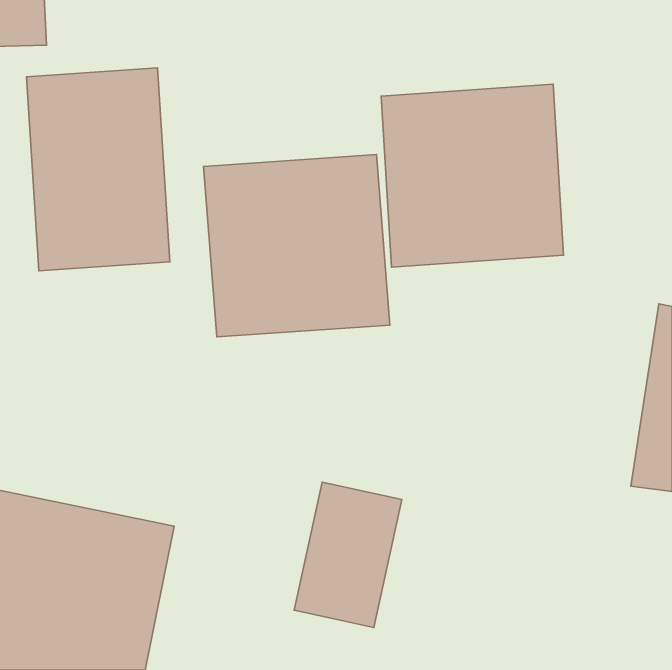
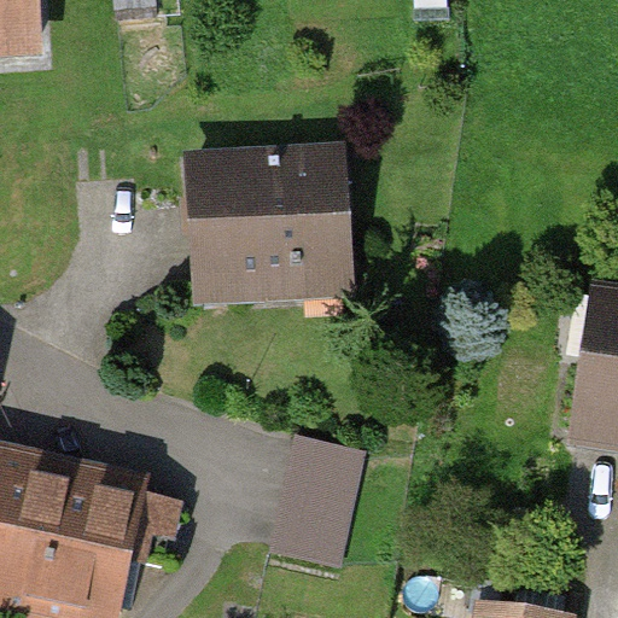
building: [26,68,170,271] -> none
building: [381,84,563,267] -> none

